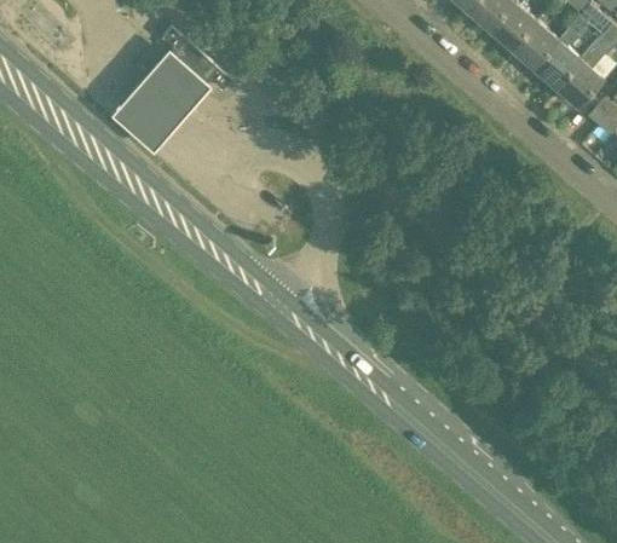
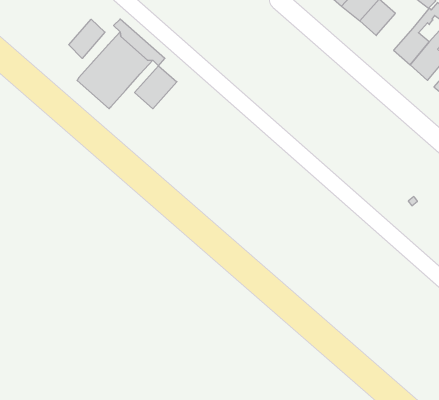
building: [511,22,559,70] -> none
building: none -> [69,19,105,58]
building: none -> [135,66,177,109]

